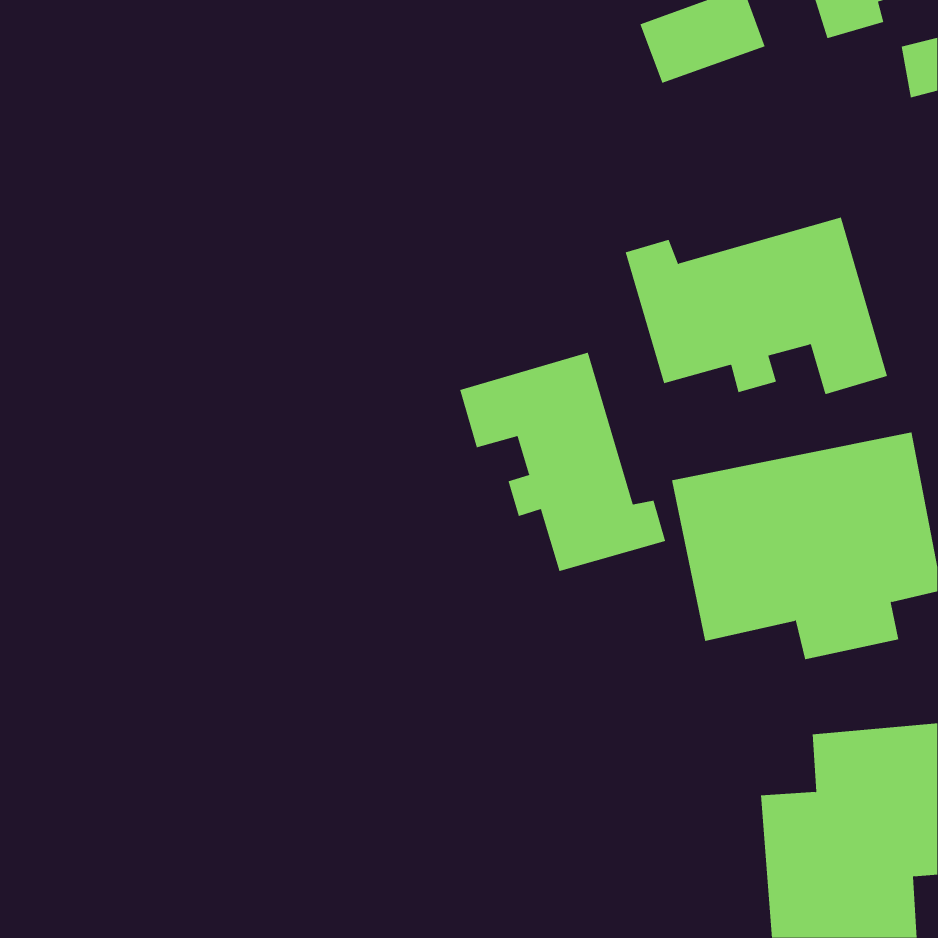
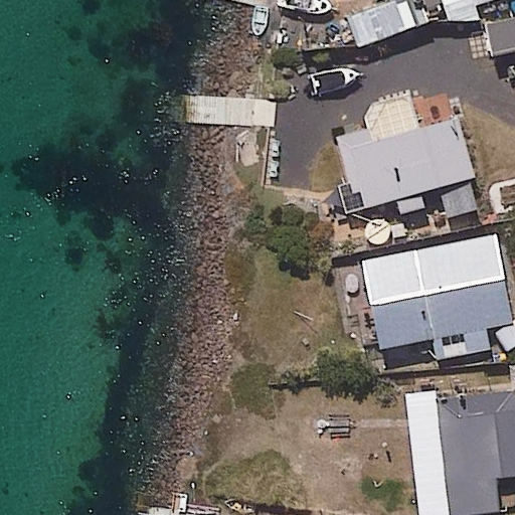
building: [460,352,666,572] -> none

